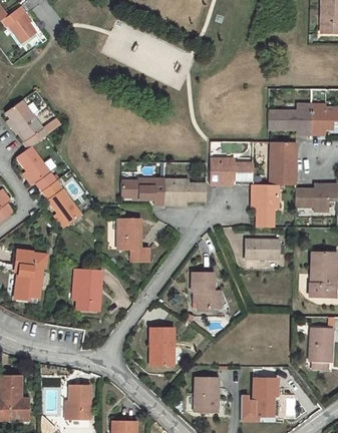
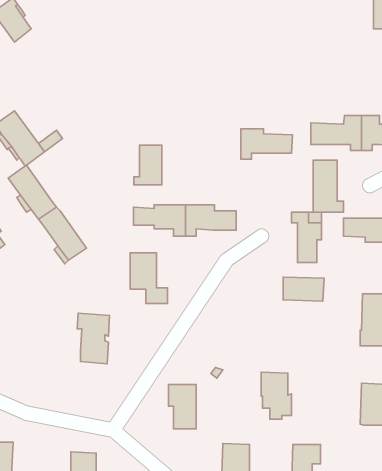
building: none -> [134,145,162,185]
building: [211,158,254,183] -> [241,129,293,159]
building: [16,251,46,299] -> none
building: [192,272,217,311] -> [261,372,291,419]

